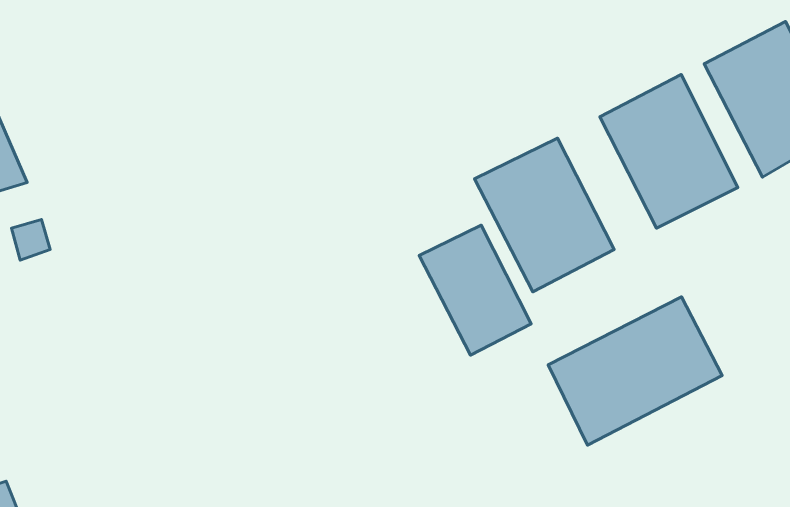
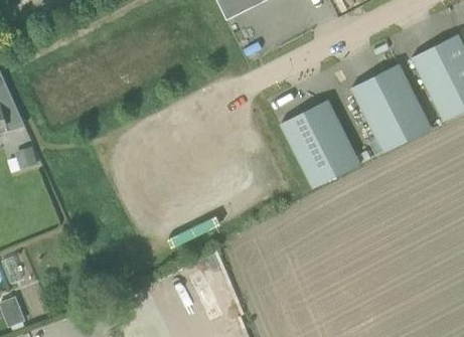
building: [419,225,531,355] -> none
building: [548,297,722,445] -> none

